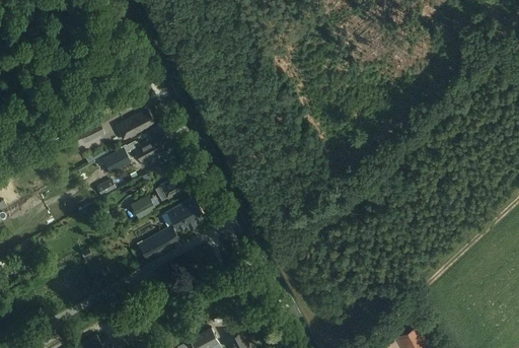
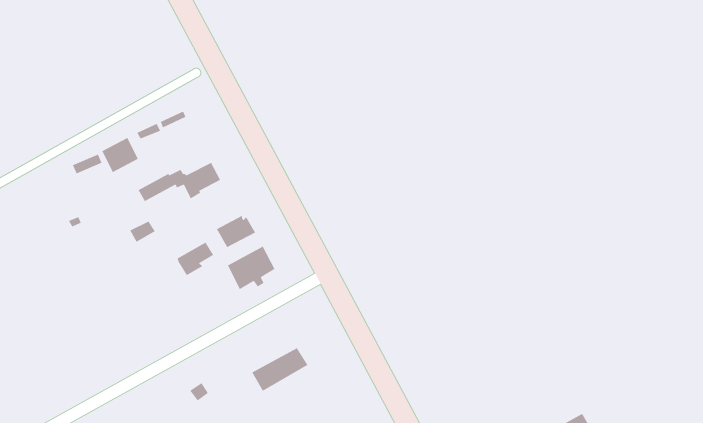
building: [115,113,153,142] -> none
building: [137,227,178,260] -> [251,347,308,392]

